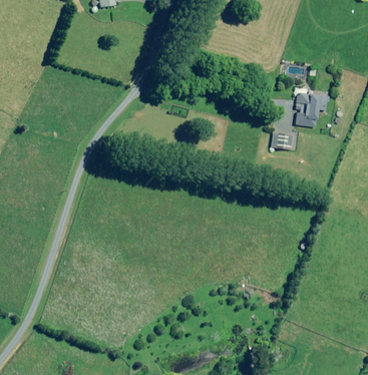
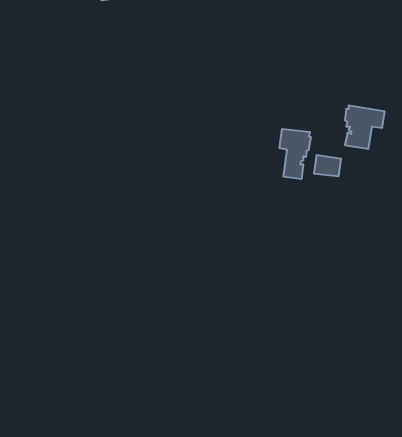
building: none -> [279,129,311,179]

